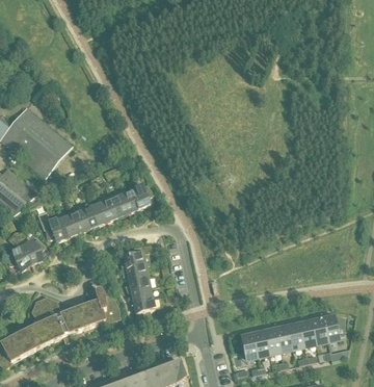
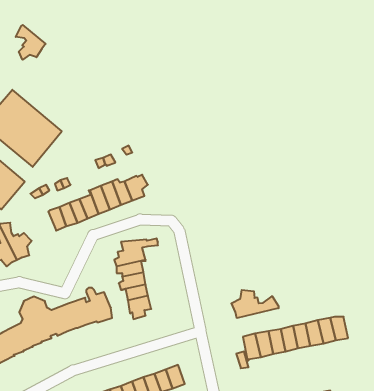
building: none -> [16,25,46,60]
building: [37,211,66,240] -> none
building: none -> [231,290,279,318]

